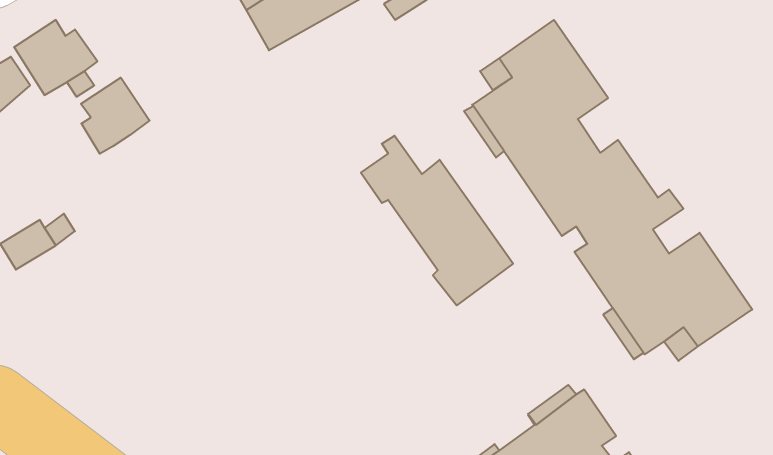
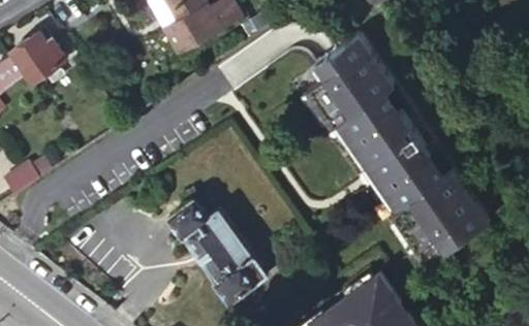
building: [81,78,150,154] -> none
building: [361,136,513,305] -> [169,195,268,304]

